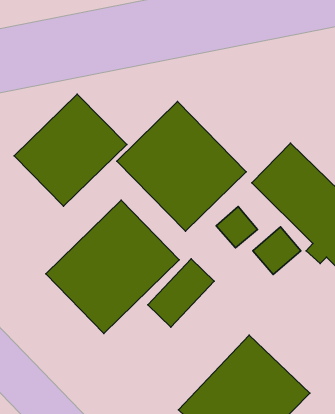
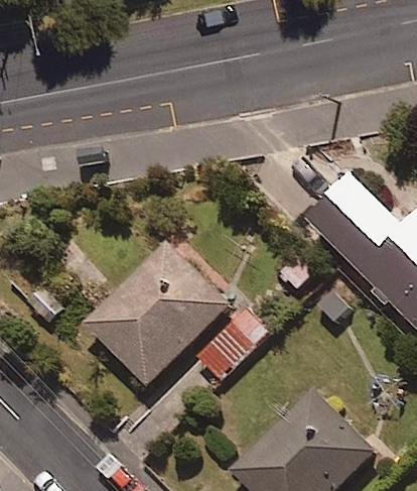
building: [14,94,127,206] -> none
building: [117,101,246,231] -> none

